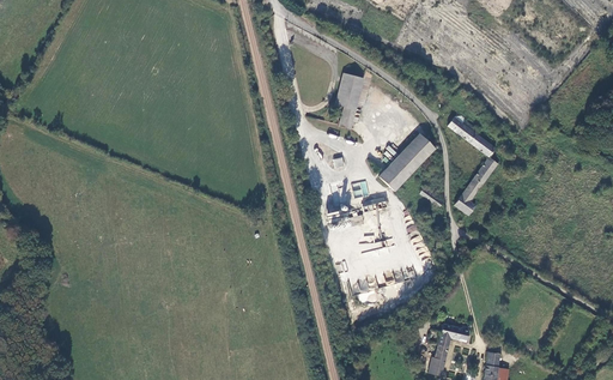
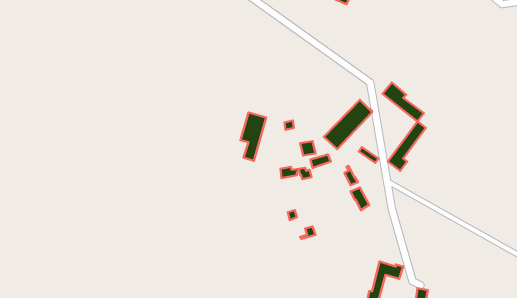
building: [335,71,365,127] -> [240,112,266,161]

